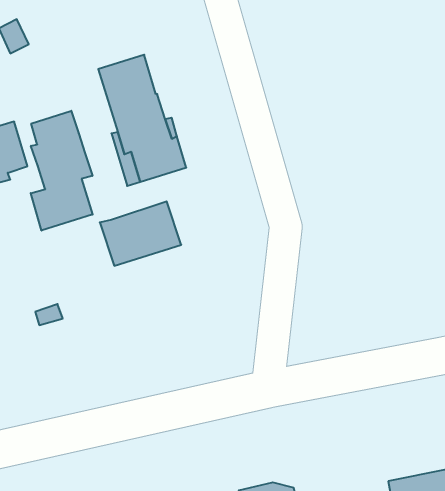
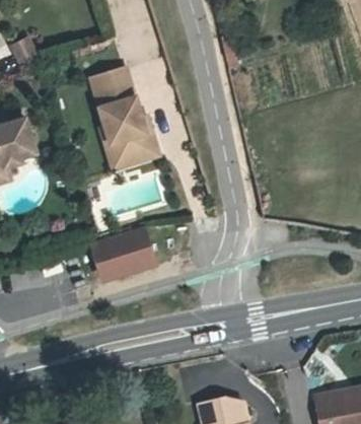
building: [31,111,93,231] -> none
building: [100,201,181,266] -> [92,229,155,279]

